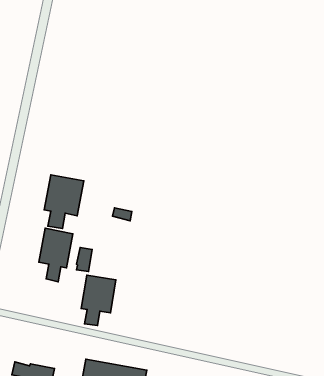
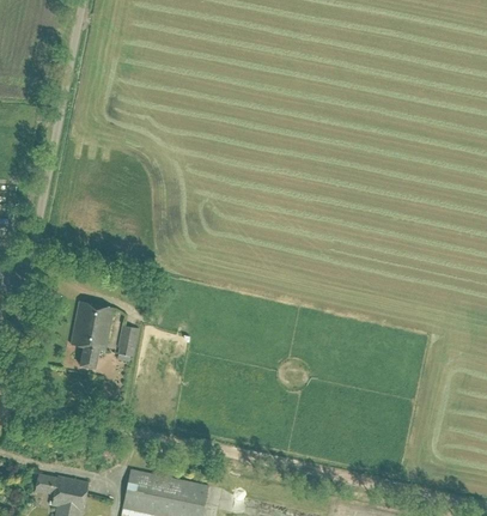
building: [44,175,84,228] -> none
building: [81,275,116,325] -> none

